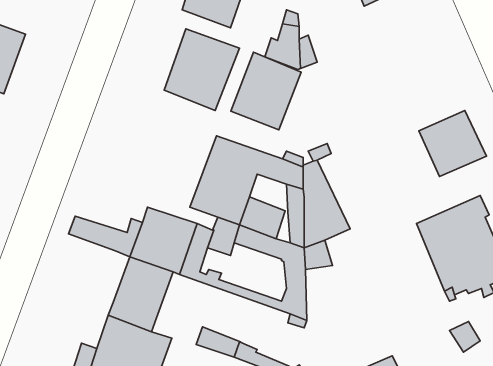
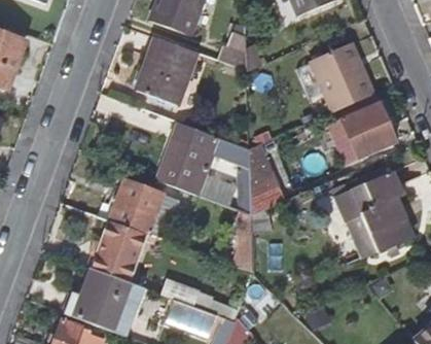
building: none -> [308,42,374,112]
building: [231,52,301,130] -> none

